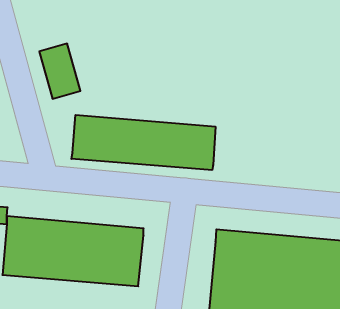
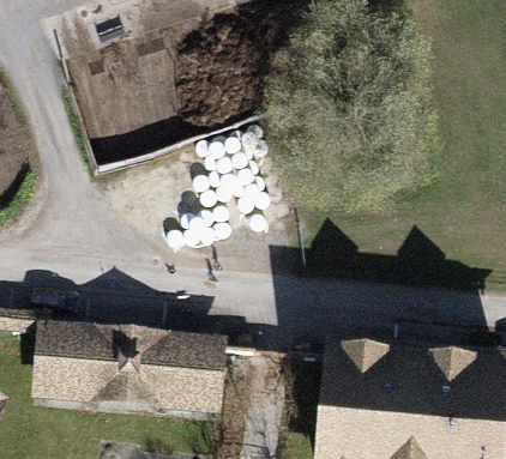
building: [71,115,215,170] -> none

